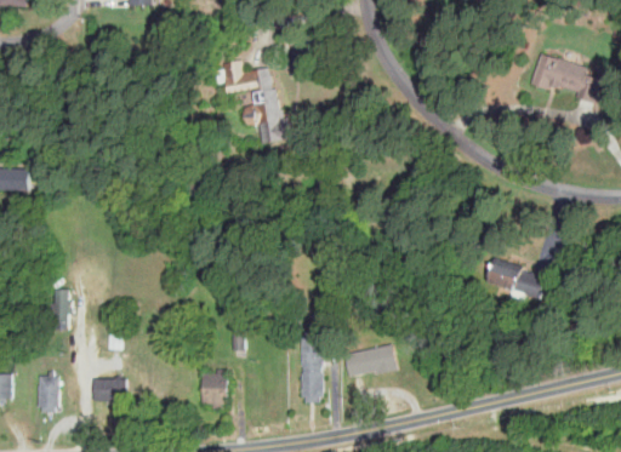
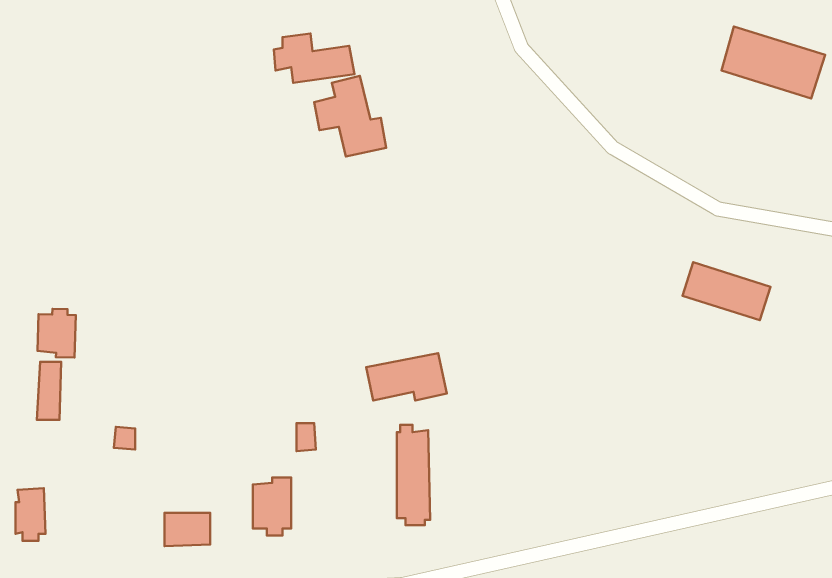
building: none -> [38,309,76,358]
building: [478,262,539,302] -> [683,262,770,320]
building: [346,342,401,374] -> [366,353,447,401]
building: [95,378,126,401] -> [165,513,210,546]

